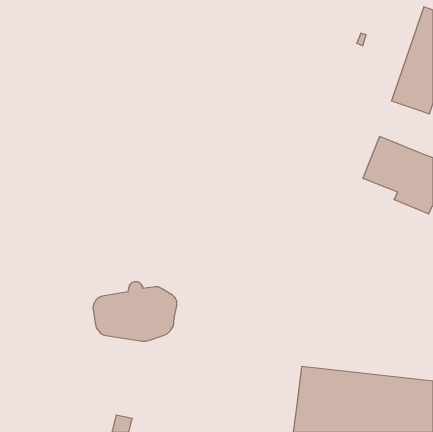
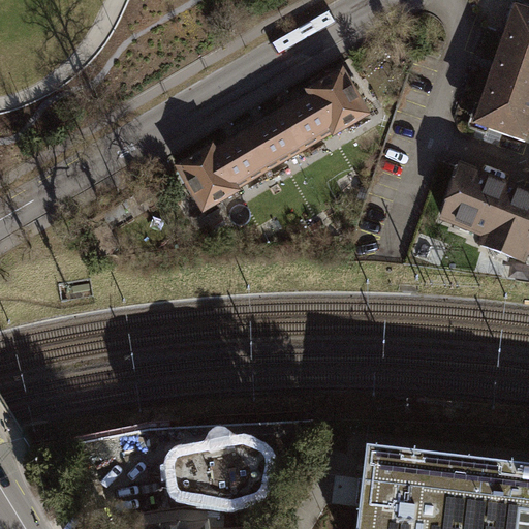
building: none -> [178,70,366,208]
building: [93,282,177,341] -> [169,435,272,507]

